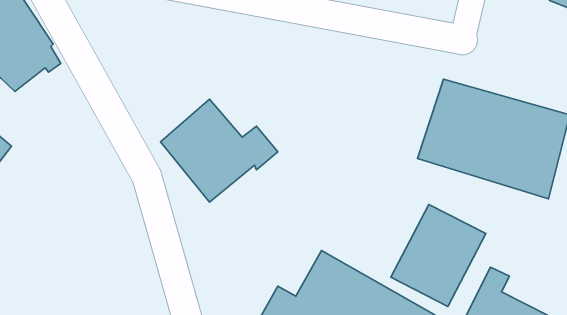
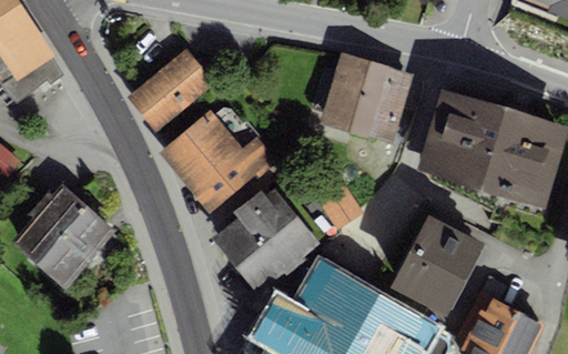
building: none -> [131,48,214,130]
building: none -> [318,51,413,144]
building: none -> [11,183,115,289]
building: none -> [212,186,318,292]

